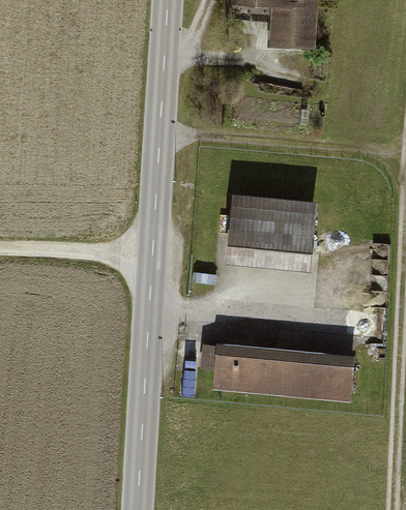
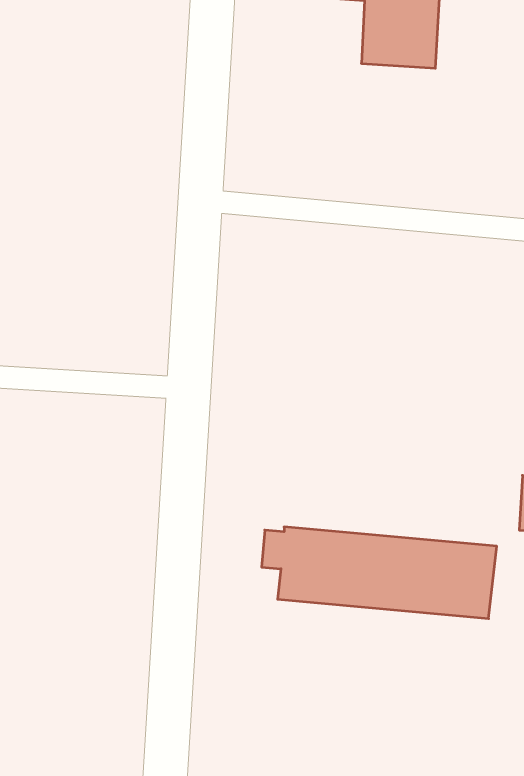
building: [224,192,315,269] -> none

